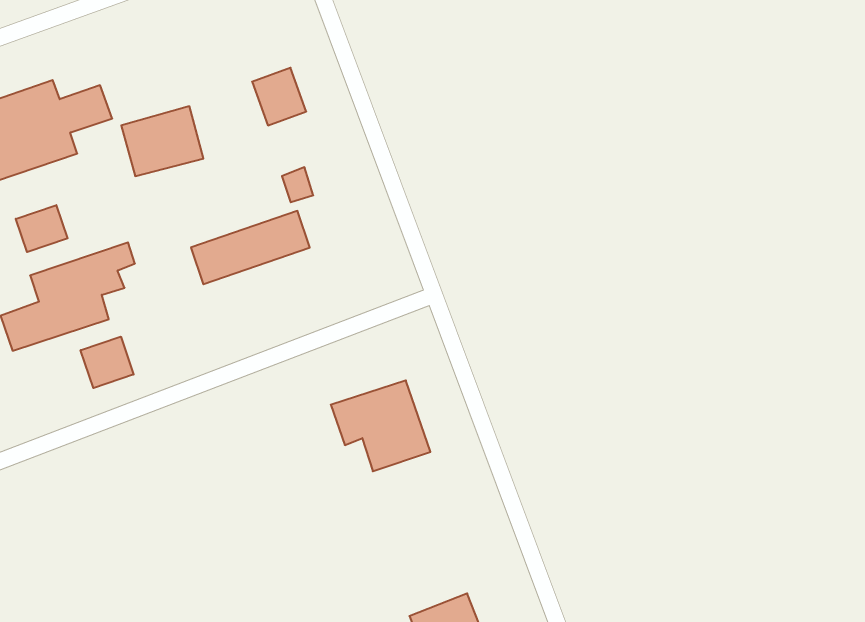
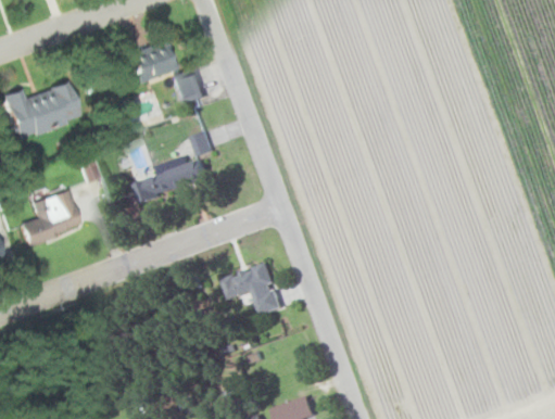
building: [121,106,203,176] -> [123,39,174,82]
building: [16,205,68,252] -> none
building: [81,337,134,388] -> none

